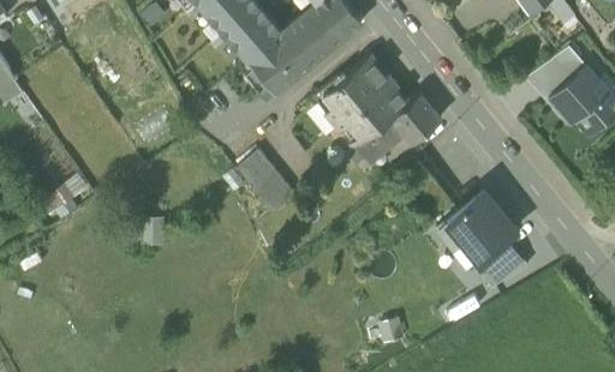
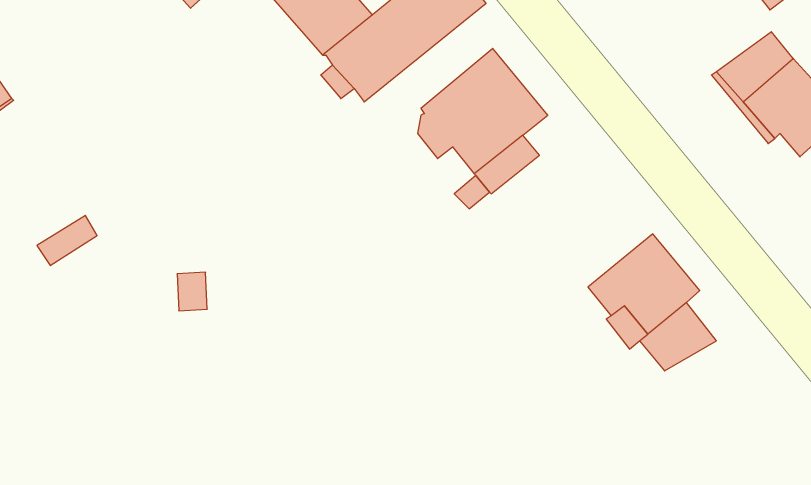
building: [390,92,443,144] -> none
building: [237,149,297,212] -> none

